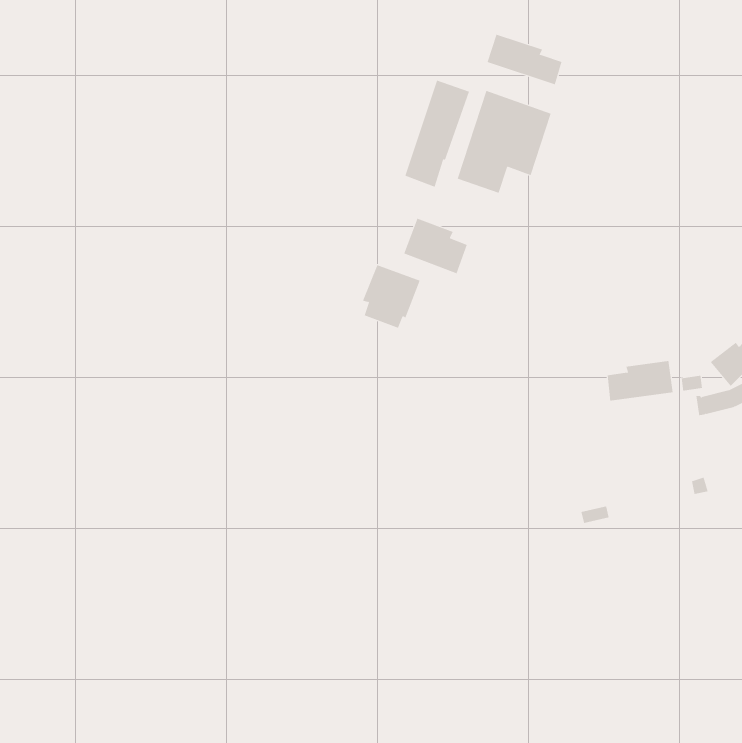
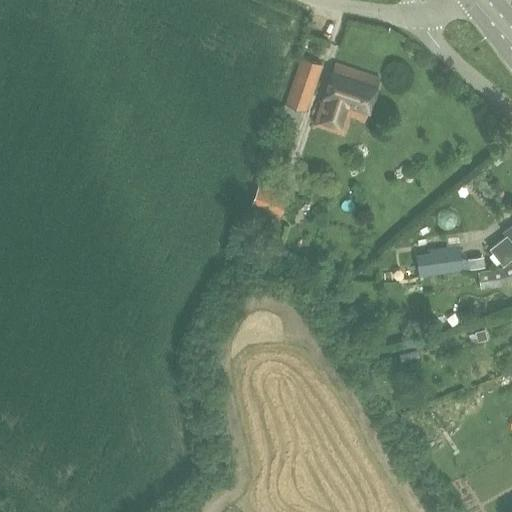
building: [487,34,562,85] -> none
building: [403,218,467,274] -> none

